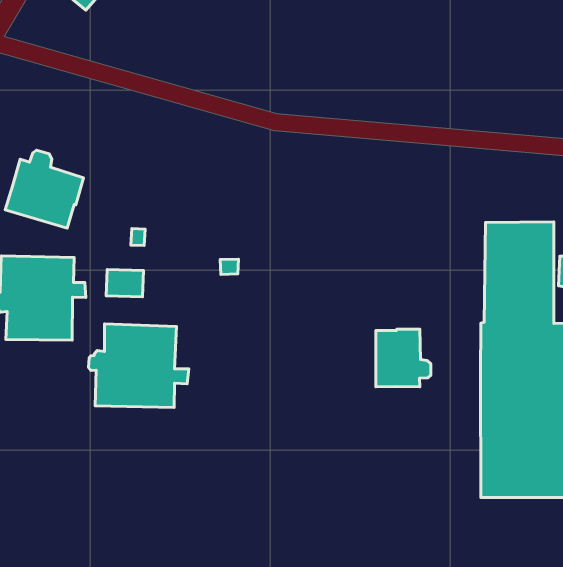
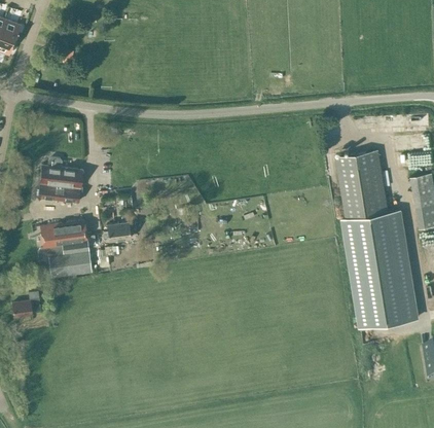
building: [89,324,189,408] -> none
building: [376,329,431,387] -> none

